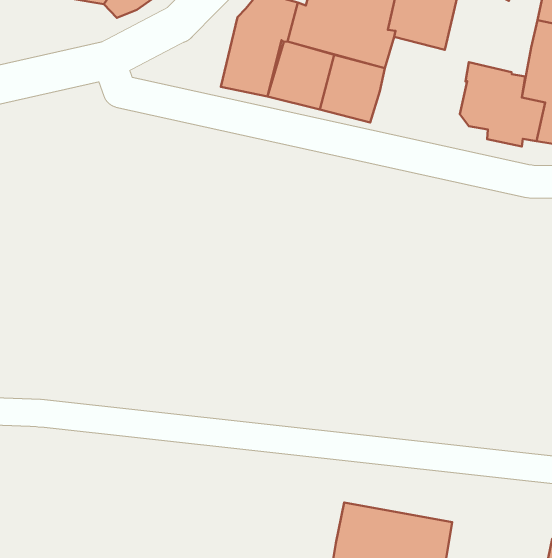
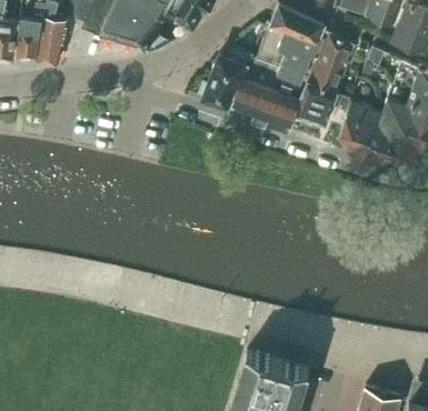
building: none -> [293,82,349,124]

